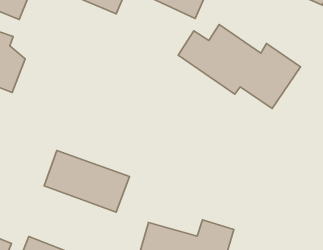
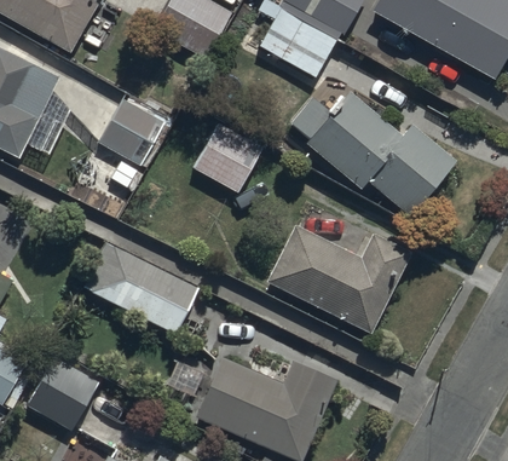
building: none -> [98,99,166,167]
building: none -> [192,126,261,195]
building: none -> [266,223,412,333]

